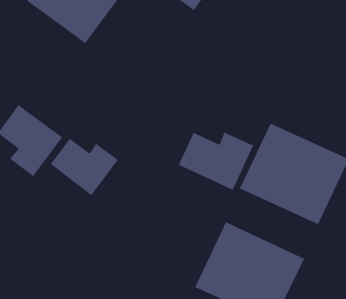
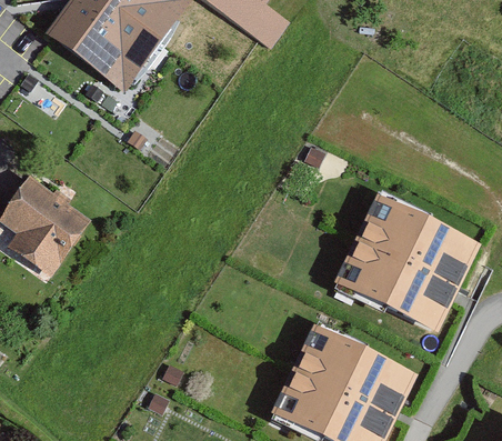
building: [178,132,254,191] -> none
building: [50,138,119,196] -> none

